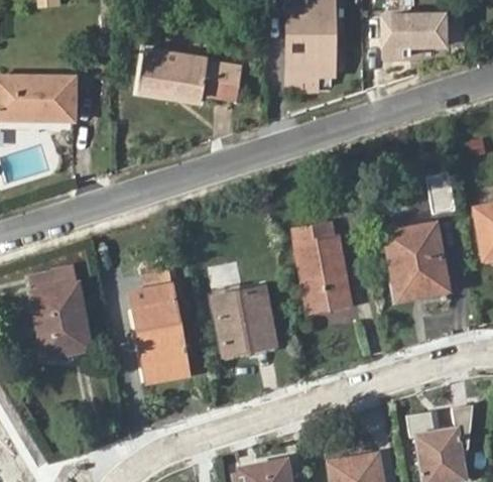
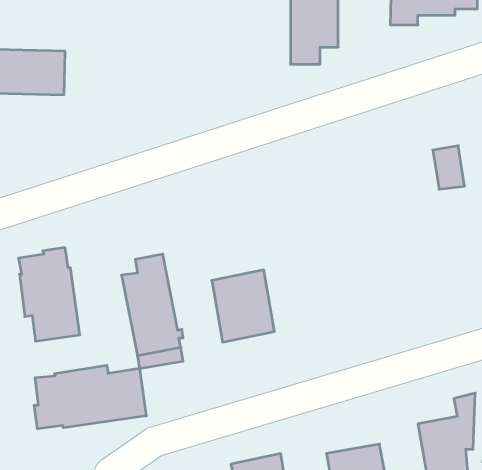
building: [138,49,244,105] -> none
building: [292,224,353,315] -> none
building: [382,225,446,300] -> none
building: none -> [34,365,146,429]

